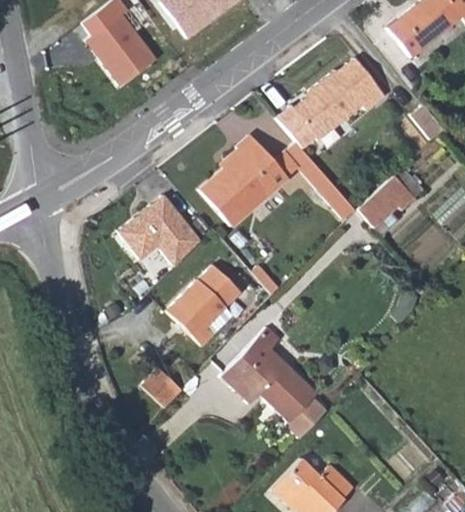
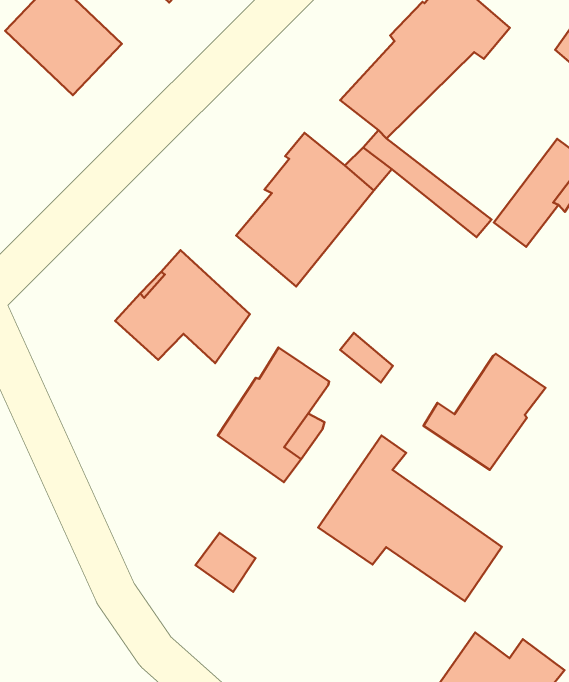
building: none -> [424,354,545,470]

